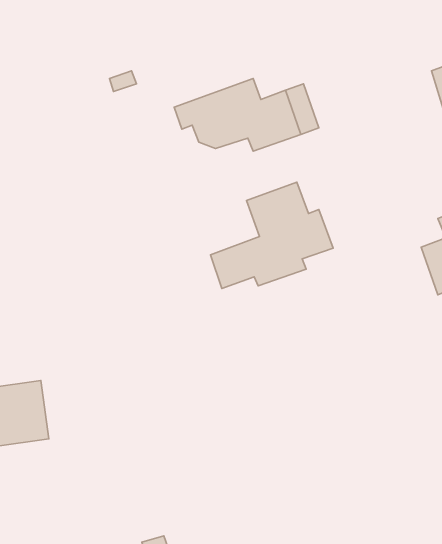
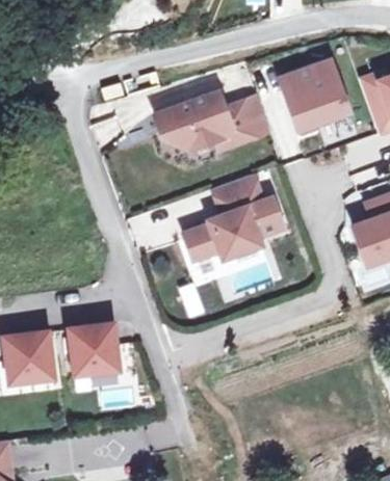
building: none -> [284,60,347,135]
building: none -> [64,327,114,379]

